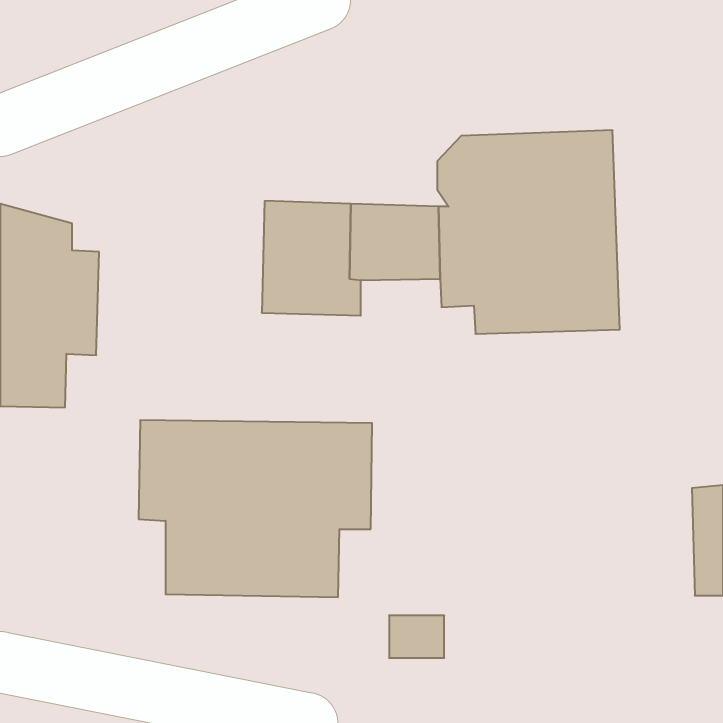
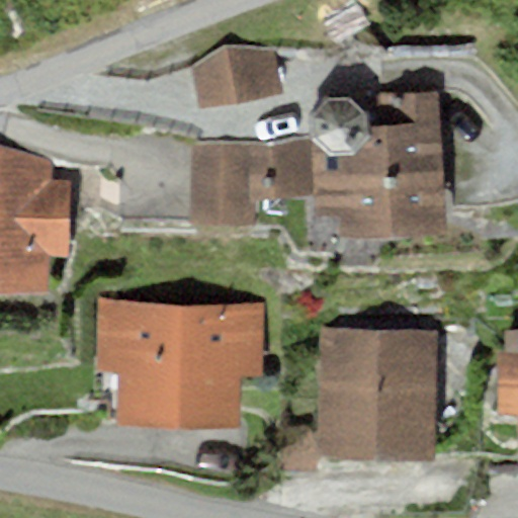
building: none -> [192,45,287,108]
building: none -> [320,331,437,457]

